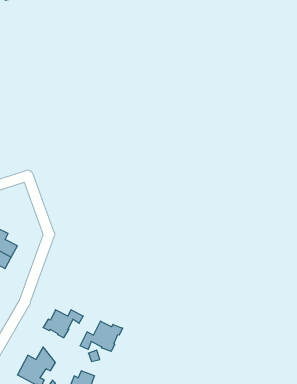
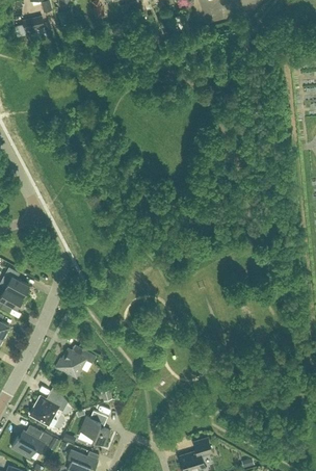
building: [80,321,123,351] -> none

